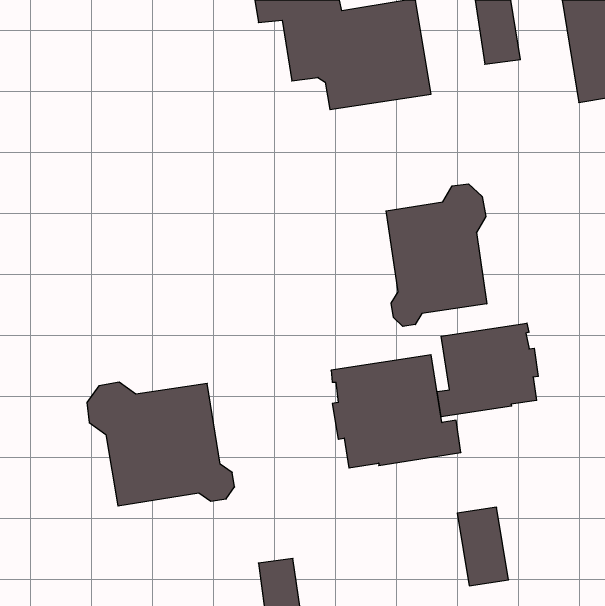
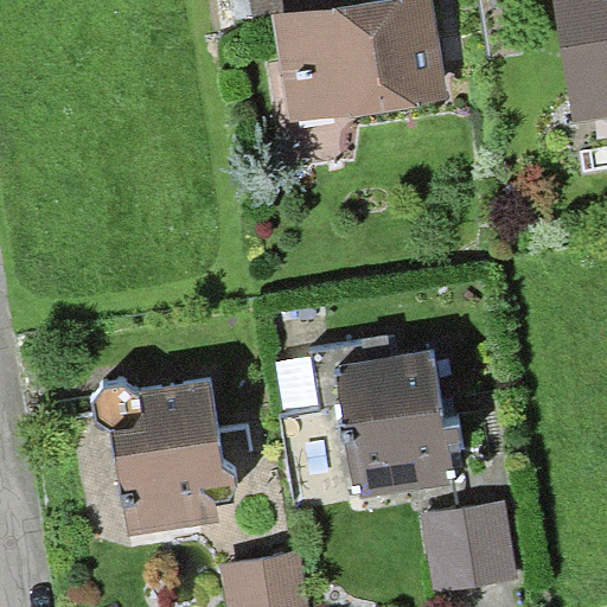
building: [386,184,487,326] -> none
building: [437,323,538,417] -> none

